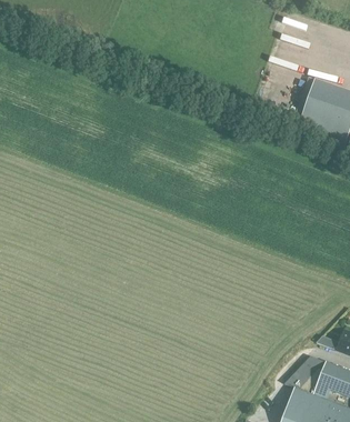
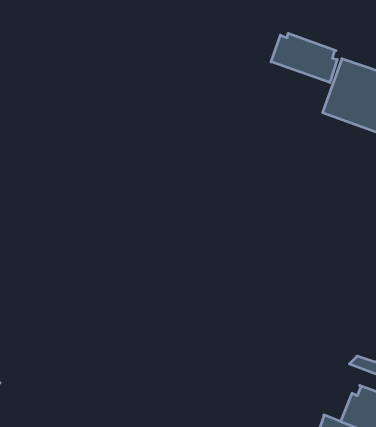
building: none -> [271,33,337,83]

